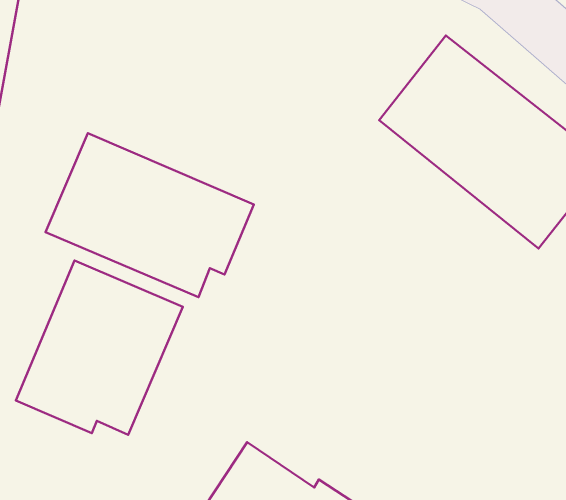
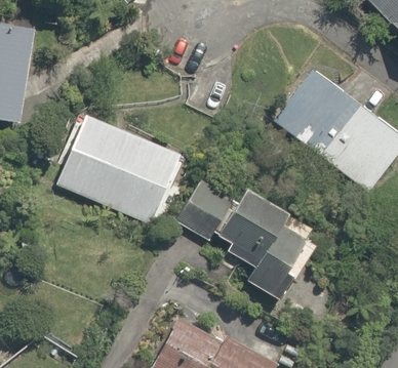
building: none -> [181,183,321,315]
building: [16,261,183,435] -> none

